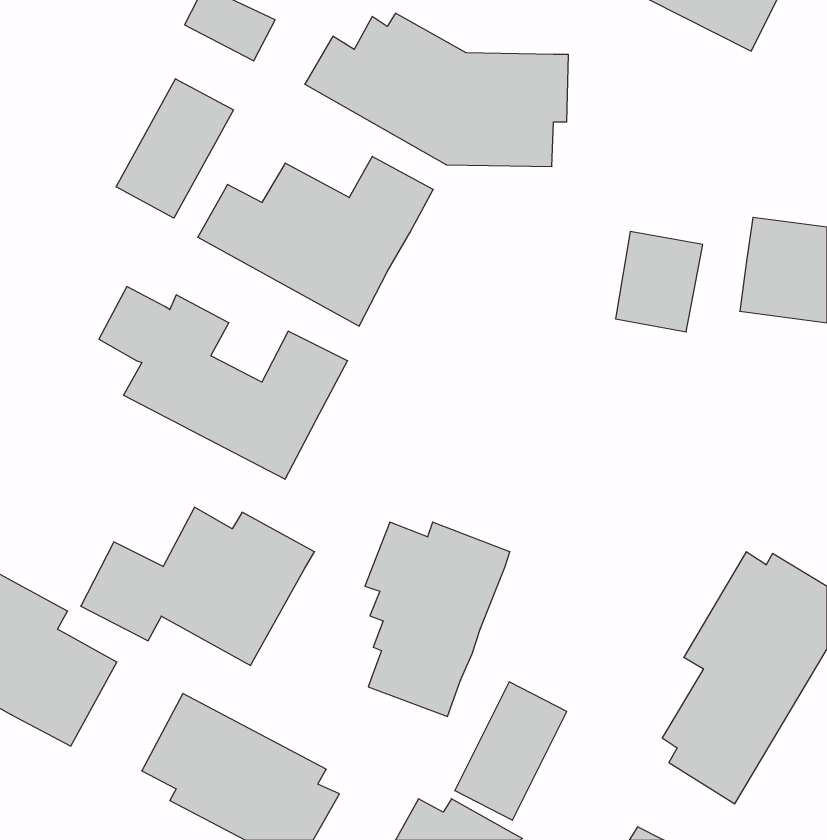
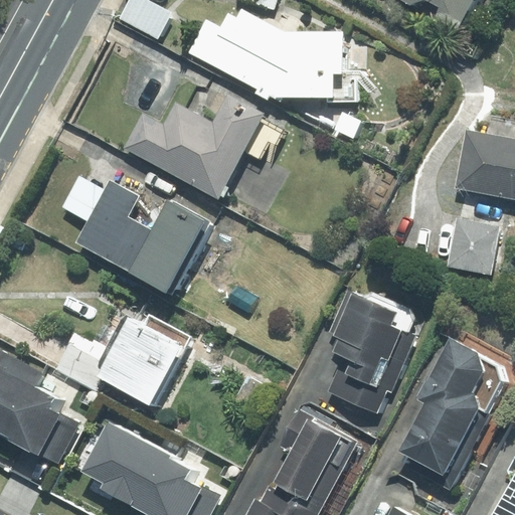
building: [116,79,234,218] -> none
building: [615,231,703,332] -> [445,214,498,276]
building: [365,522,510,716] -> [325,293,413,411]

